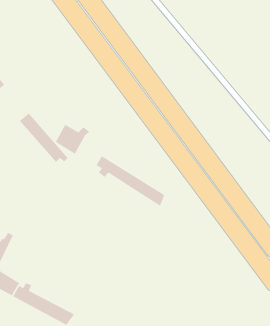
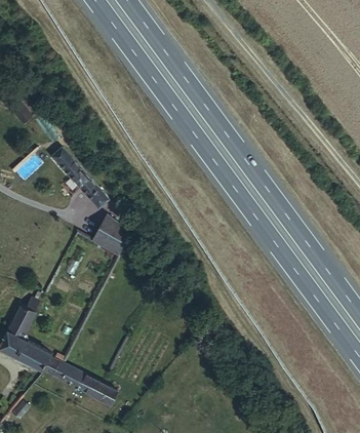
building: [55,124,90,155] -> [95,218,138,255]
building: [96,155,165,207] -> none

